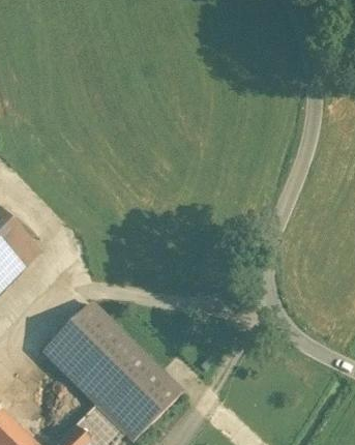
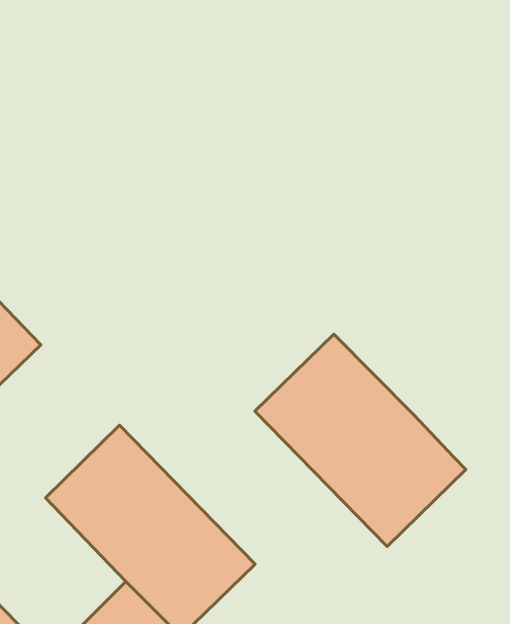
building: none -> [255,334,466,547]

